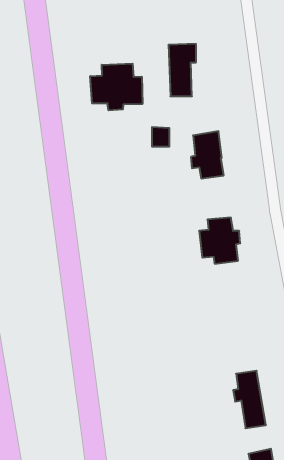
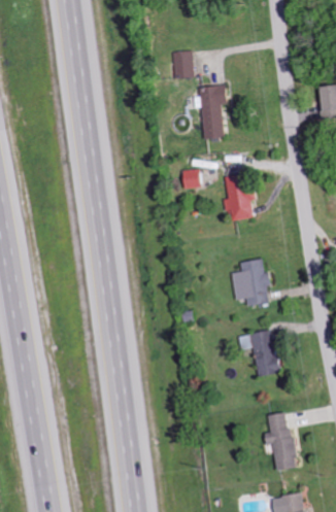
building: none -> [169,50,193,79]
building: [90,64,142,110] -> none
building: none -> [237,332,279,376]

